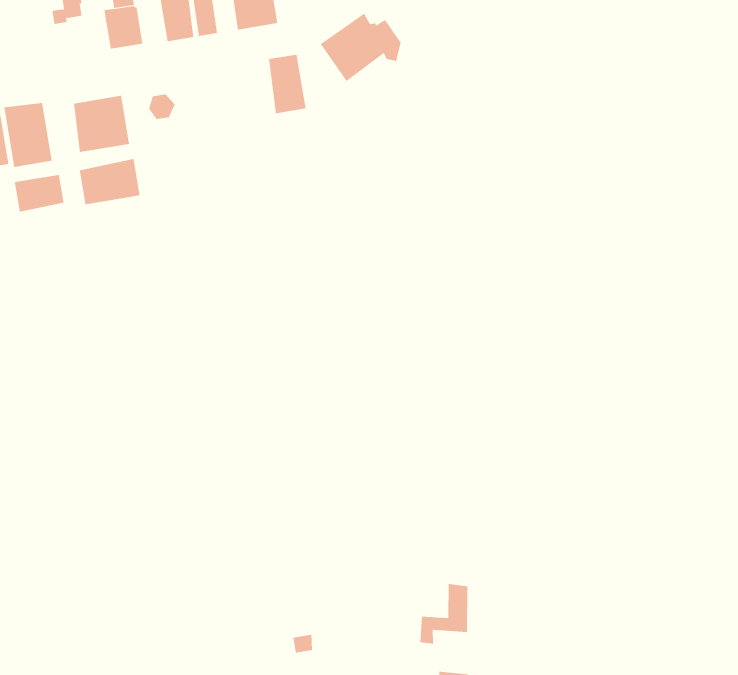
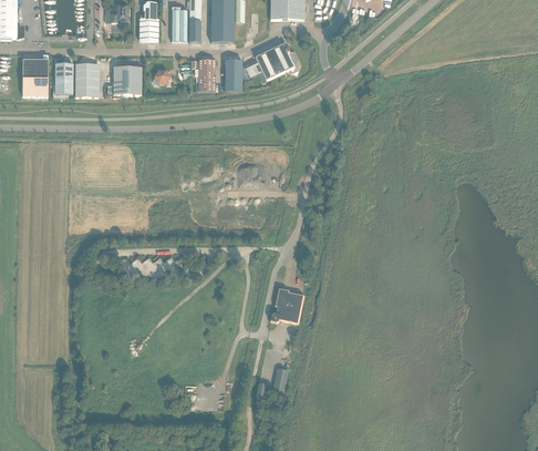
building: none -> [197,59,215,90]
building: [79,158,140,205] -> none
building: [14,174,64,213] -> none
building: none -> [269,288,302,322]

